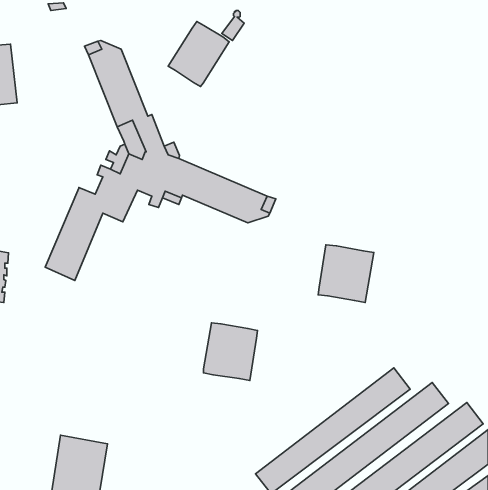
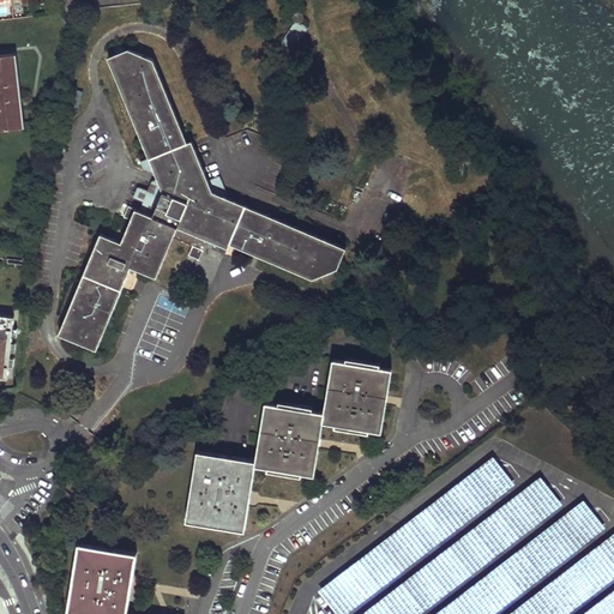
building: [168,21,229,86] -> none
building: [318,245,374,303] -> [320,361,390,433]
building: none -> [185,452,254,532]

